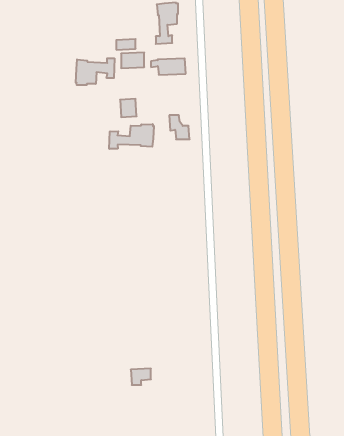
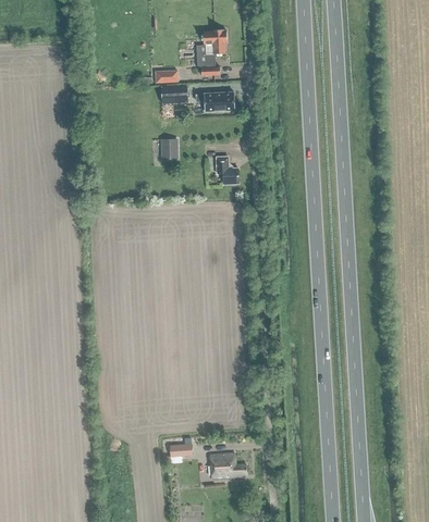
building: [76,58,114,85] -> none
building: [109,124,154,149] -> none
building: none -> [208,451,245,477]

